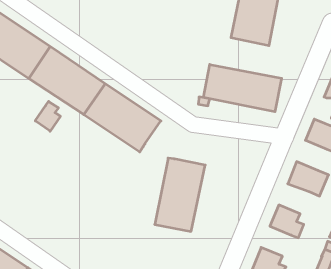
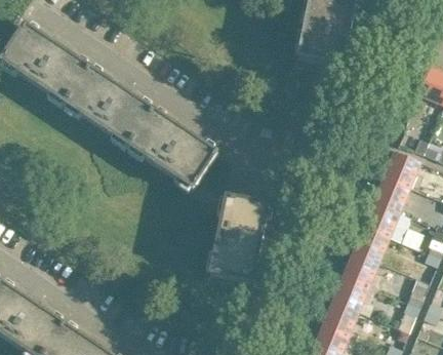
building: [204,64,282,112] -> none
building: [35,101,60,131] -> none
building: none -> [374,175,409,210]
building: none -> [354,226,389,261]
building: none -> [333,275,376,310]

